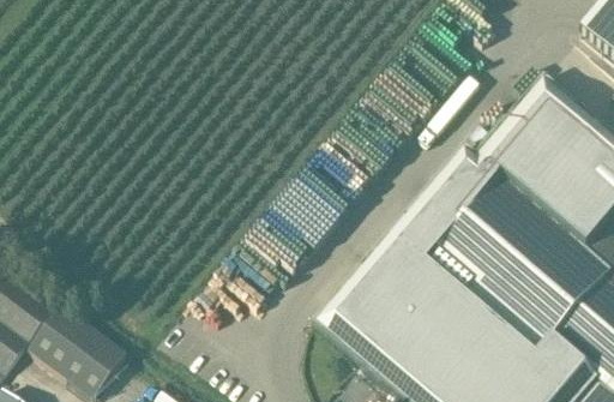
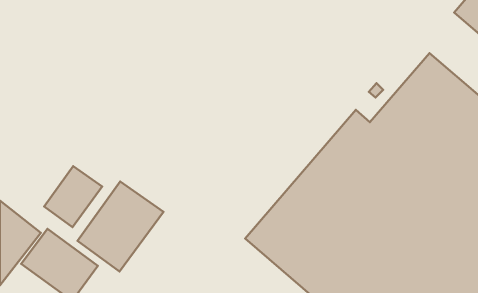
building: none -> [44,166,102,227]
building: none -> [77,181,164,271]

